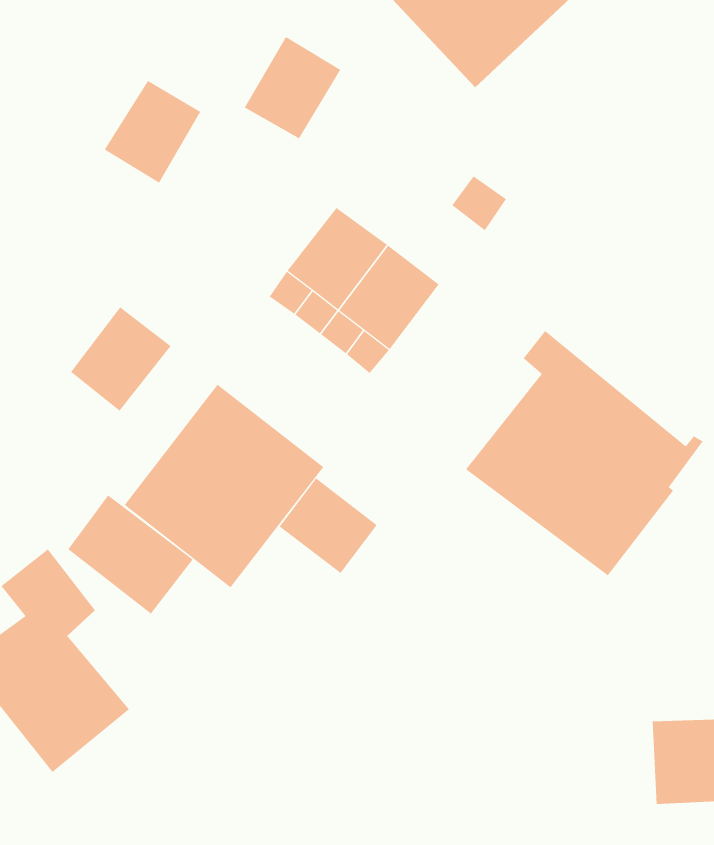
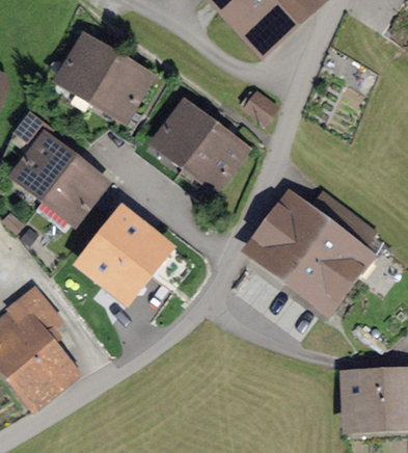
building: [244,36,341,139] -> [91,59,142,113]
building: none -> [18,141,71,195]
building: [279,478,378,574] -> none
building: [68,495,194,615] -> none

